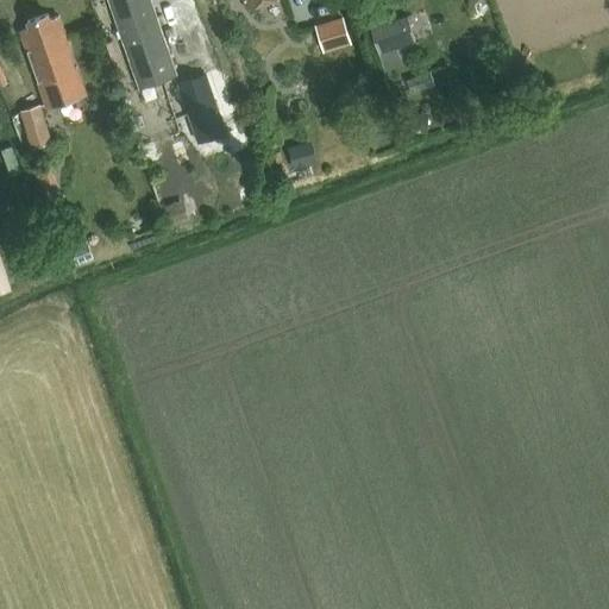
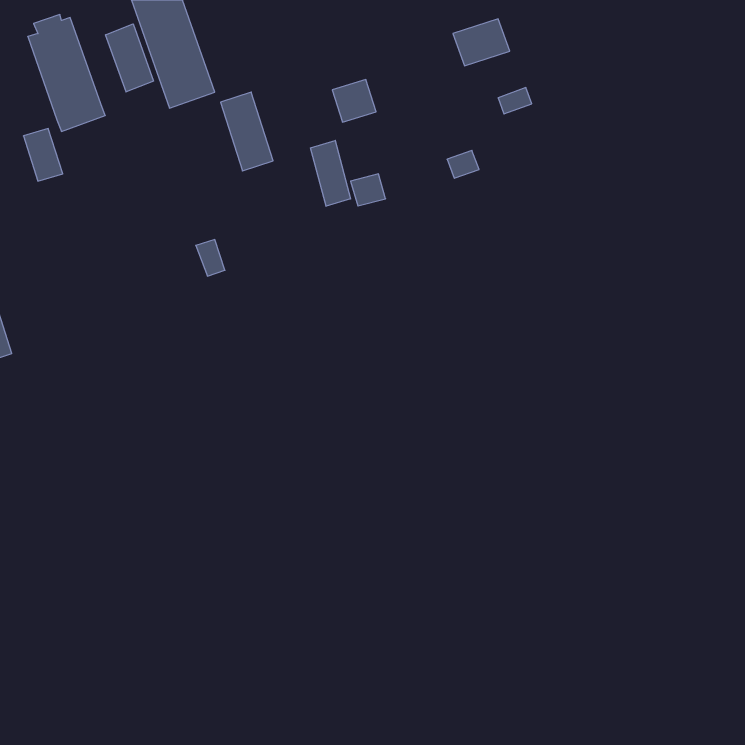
building: [313,17,349,51] -> [332,80,376,122]
building: none -> [106,24,154,92]
building: none -> [311,140,351,206]

